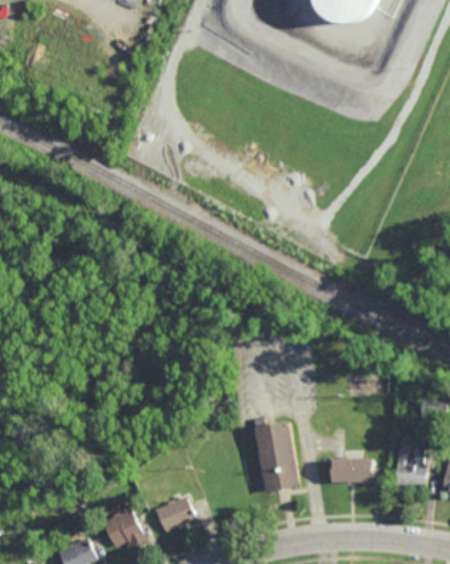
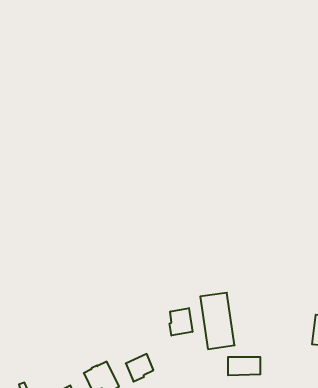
building: none -> [170,308,192,336]
building: [330,457,371,480] -> [228,357,260,375]

